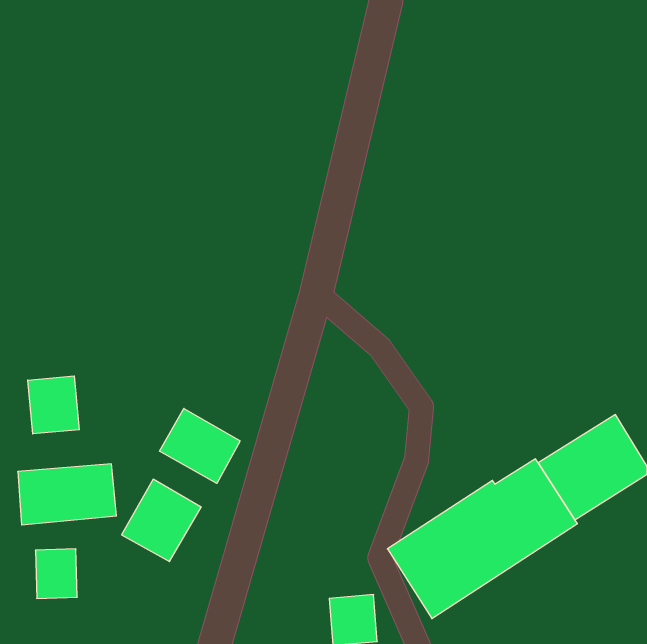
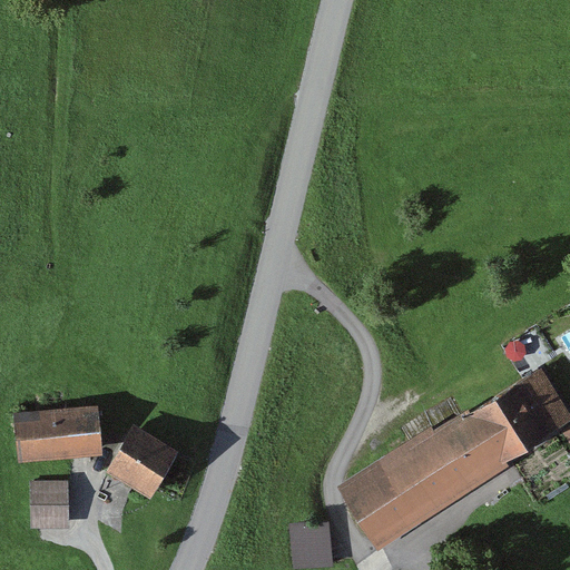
building: [28,376,79,434] -> none
building: [160,408,240,483] -> none

